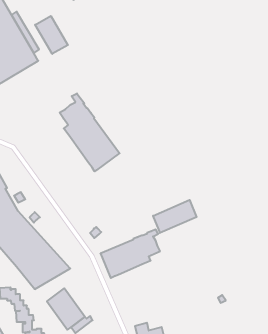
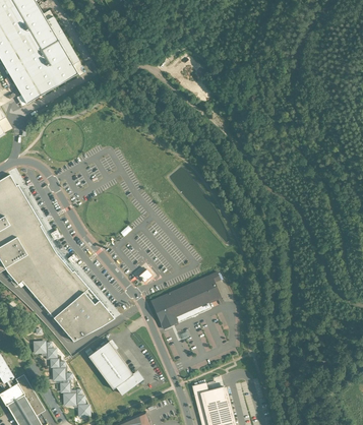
building: [35,16,68,54] -> none
building: [60,93,120,171] -> none
building: [153,200,197,233] -> none

